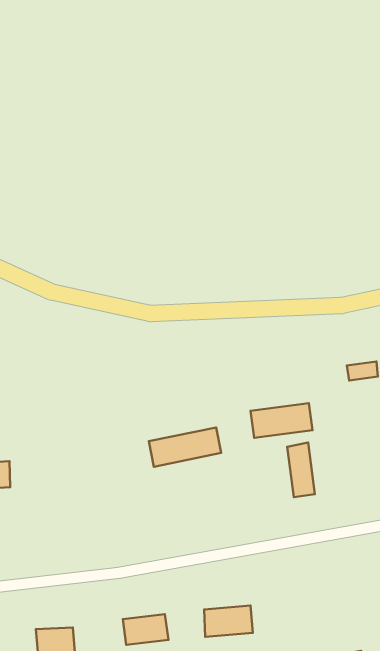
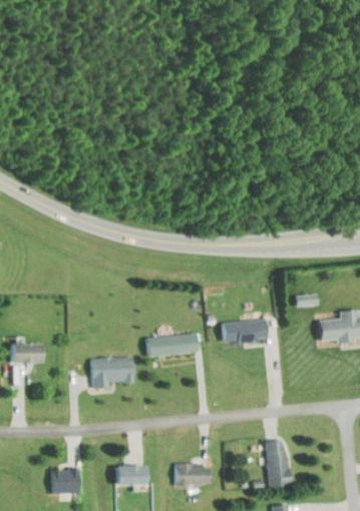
building: [287,443,315,497] -> none
building: none -> [90,356,133,388]
building: none -> [266,440,289,487]

